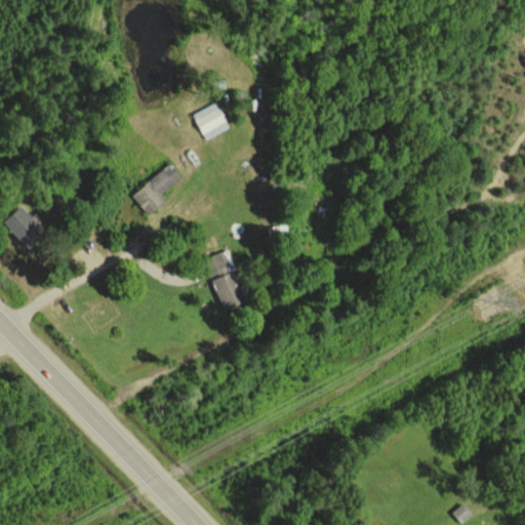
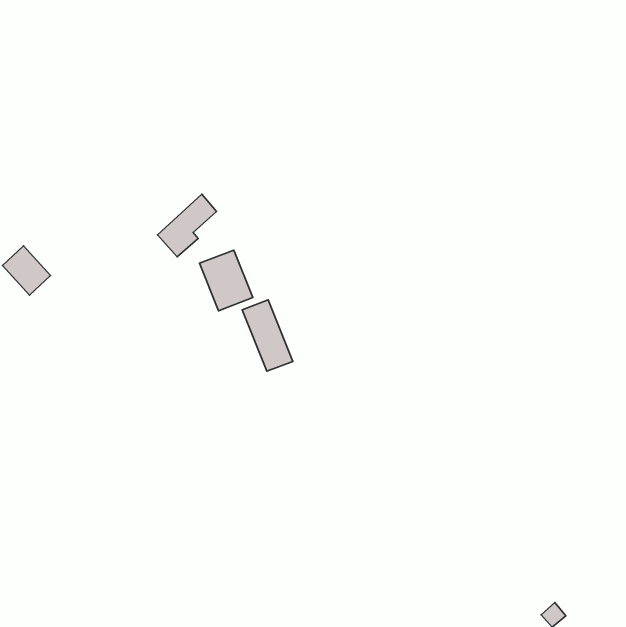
building: [195,104,230,139] -> none
building: none -> [200,250,253,311]

